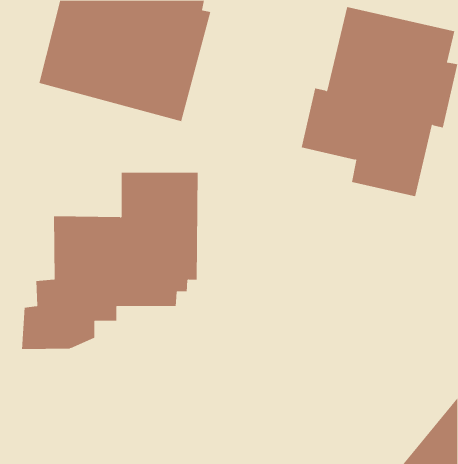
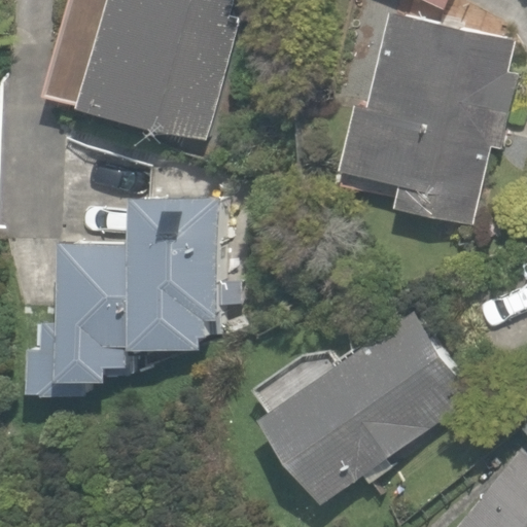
building: none -> [261,312,471,503]

